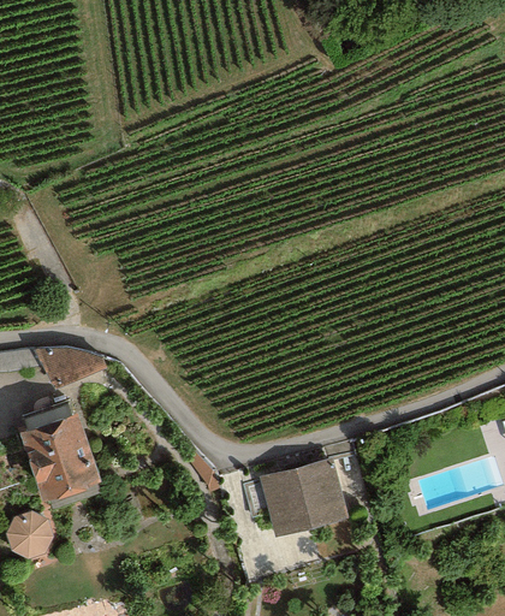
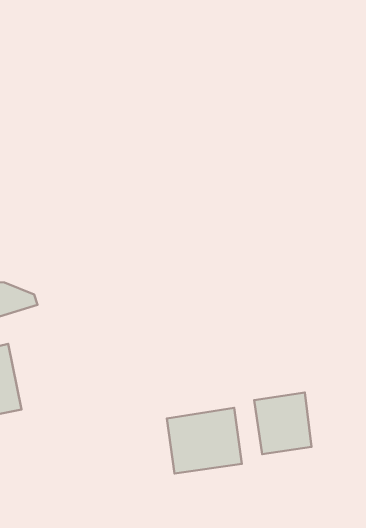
building: none -> [254,392,312,454]

